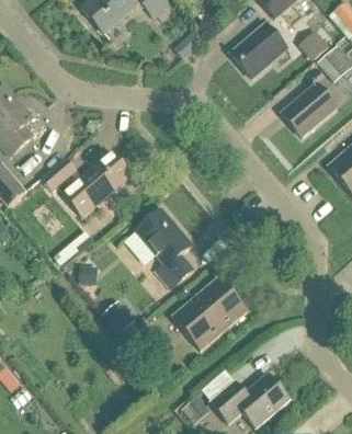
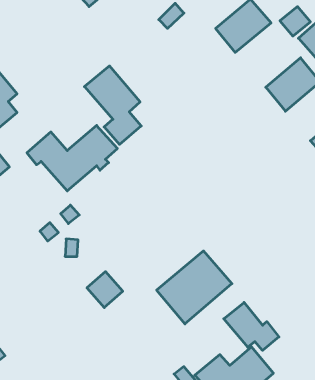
building: [136,208,193,287] -> [84,66,141,144]
building: none -> [224,302,279,350]

